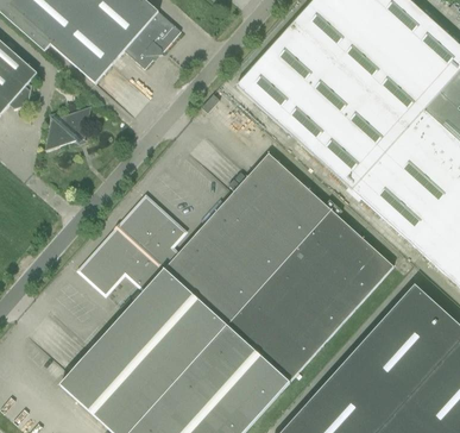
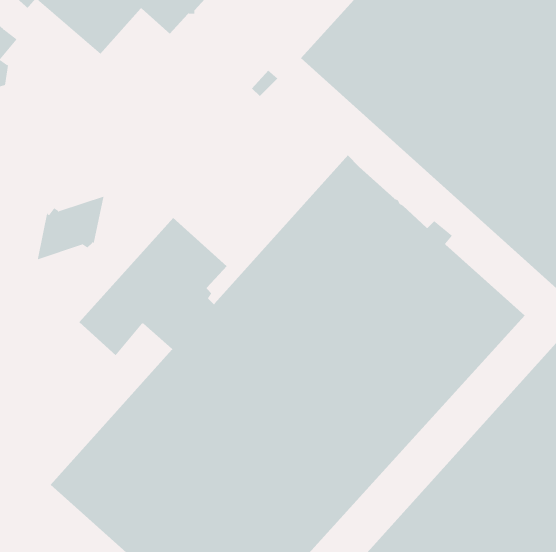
building: [44,105,92,150] -> [37,196,105,260]

